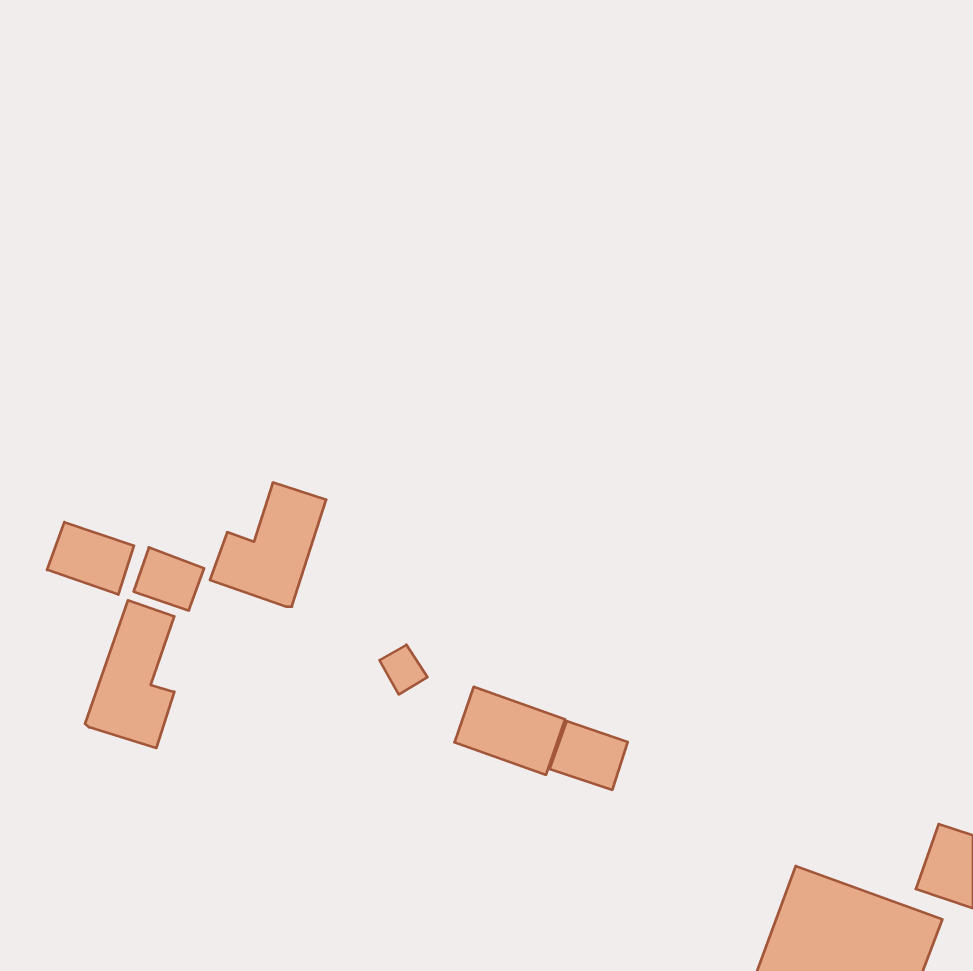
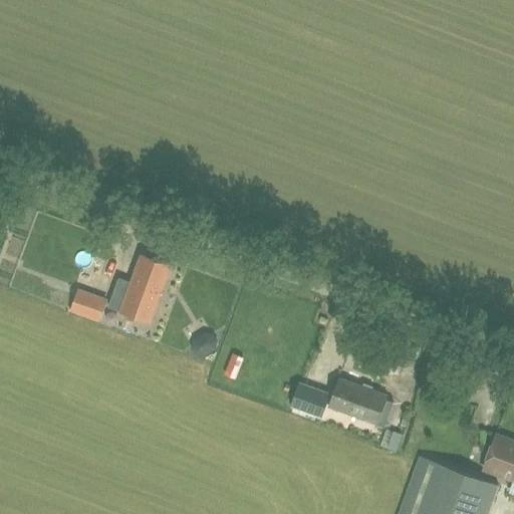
building: [47,522,134,595] -> none
building: [85,600,174,748] -> none
building: [454,687,565,775] -> [328,378,387,425]

